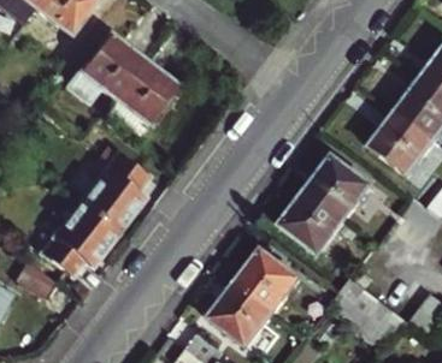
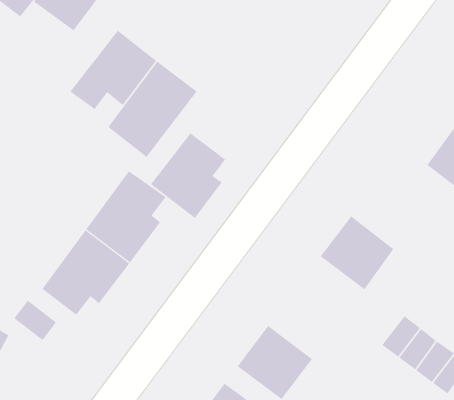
building: none -> [150,132,226,219]
building: [306,155,370,218] -> none
building: [235,248,300,311] -> none

